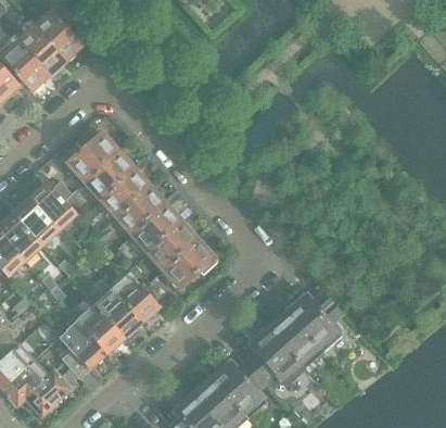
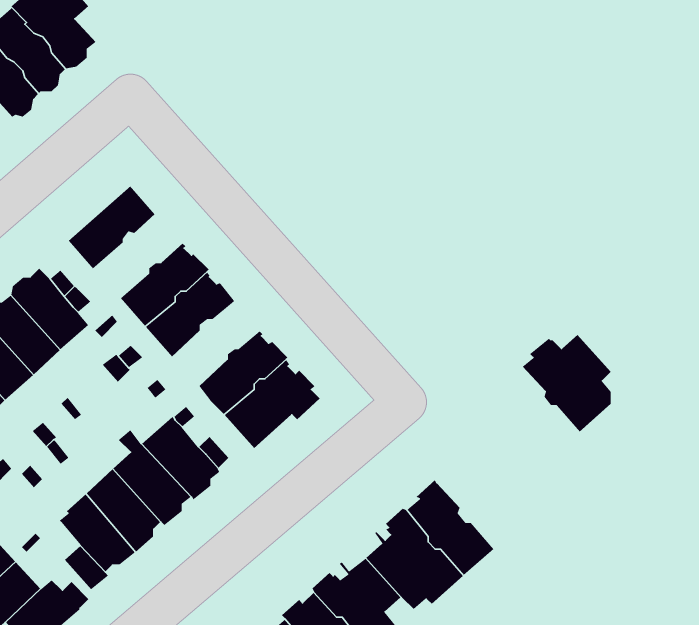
building: [78,149,133,200] -> none
building: [126,202,180,253] -> none
building: [286,292,341,352] -> [522,334,612,433]

